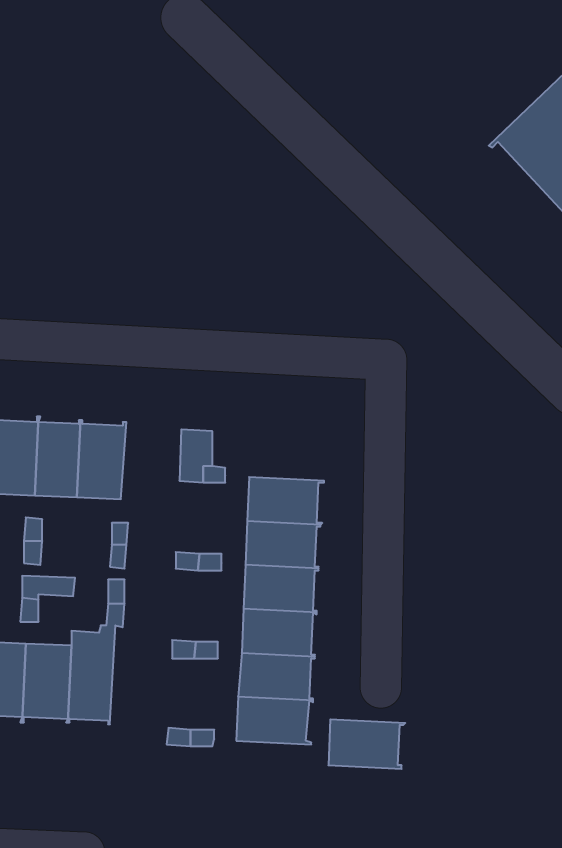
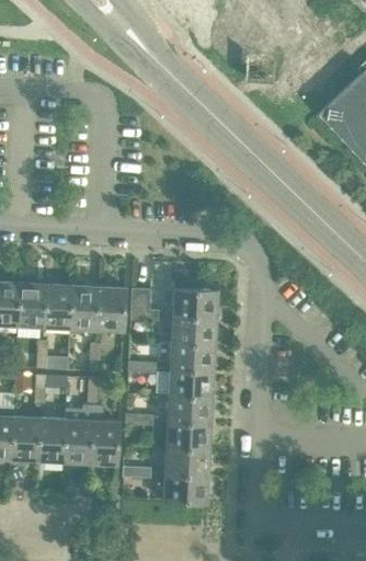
building: none -> [95,285,125,332]
building: none -> [172,290,218,320]
building: none -> [89,407,118,466]
building: [328,719,405,769] -> [163,476,209,505]

